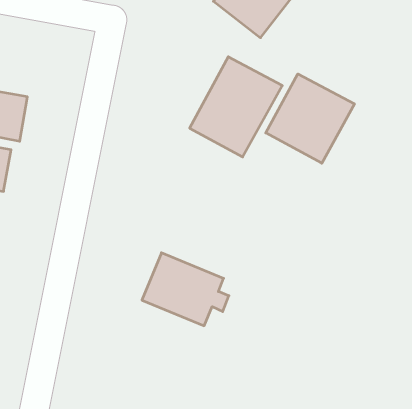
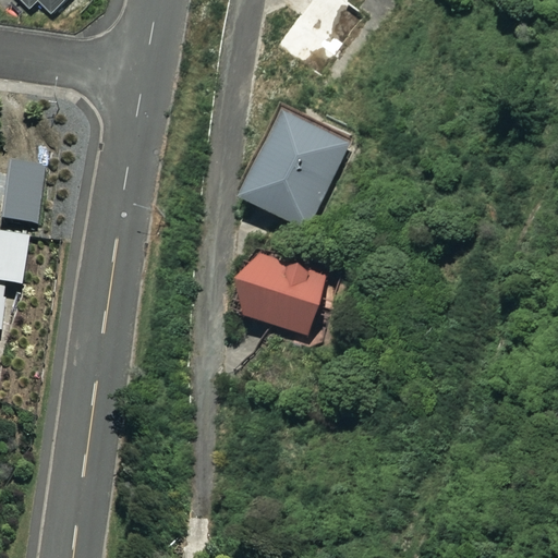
building: [266,74,354,163] -> none
building: [142,253,229,326] -> [230,248,336,335]

